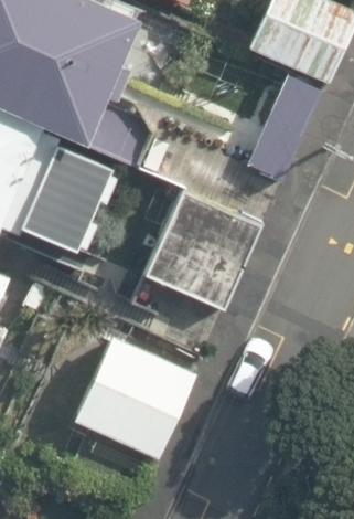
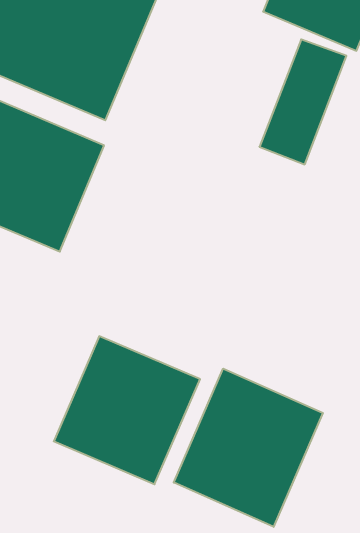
building: [138,192,261,313] -> none
building: none -> [174,369,323,527]

